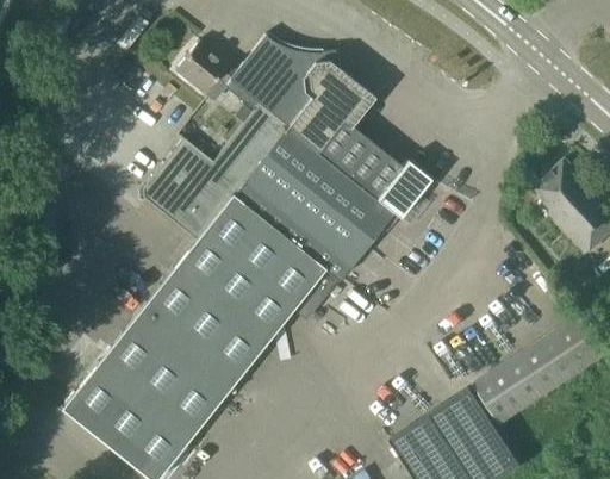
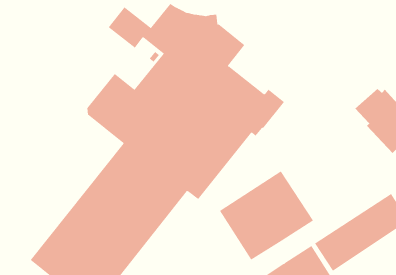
building: none -> [219,171,314,260]

